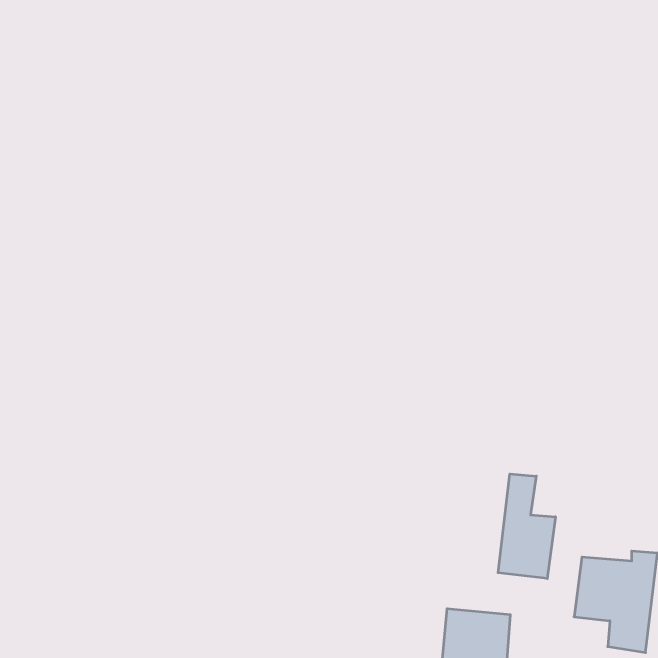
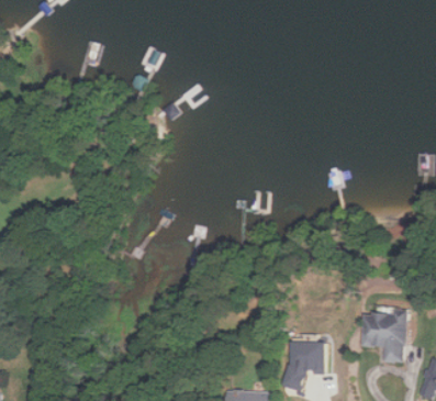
building: [498,474,555,579] -> none

